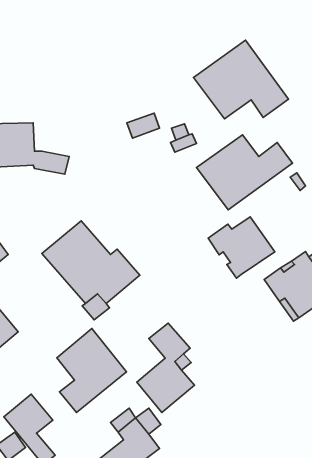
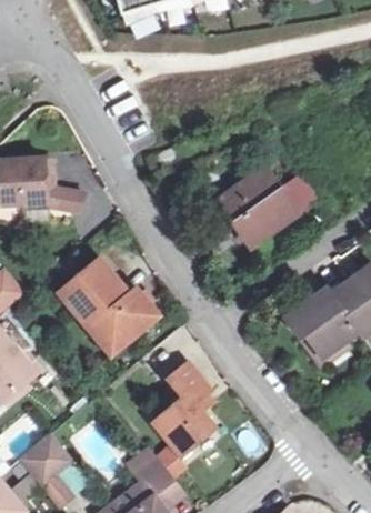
building: [194,40,288,119] -> none
building: [208,217,275,278] -> none
building: [57,329,127,413] -> none

